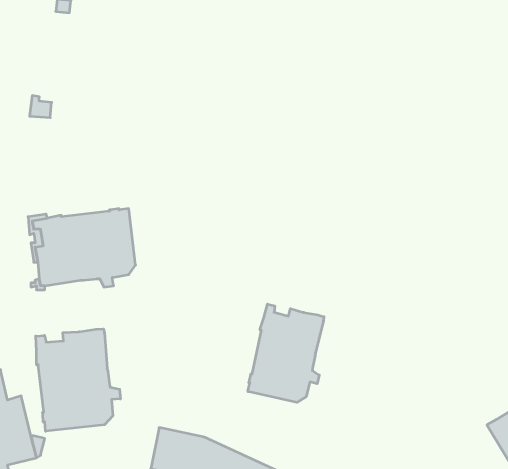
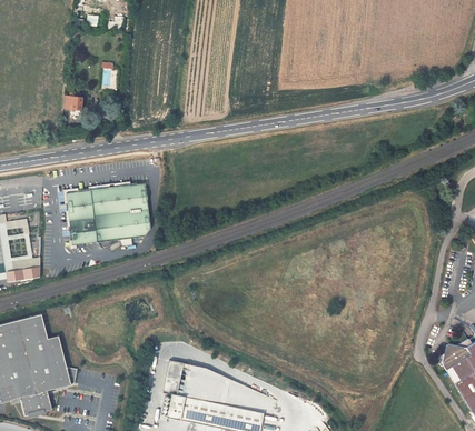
building: [248,304,324,402] -> none
building: [36,329,120,431] -> none

